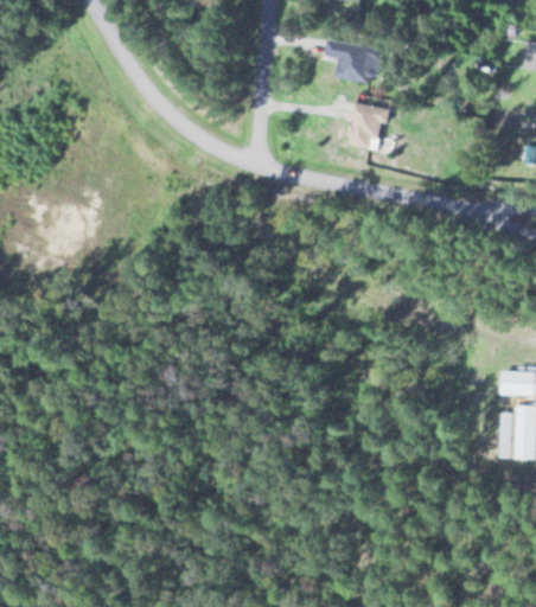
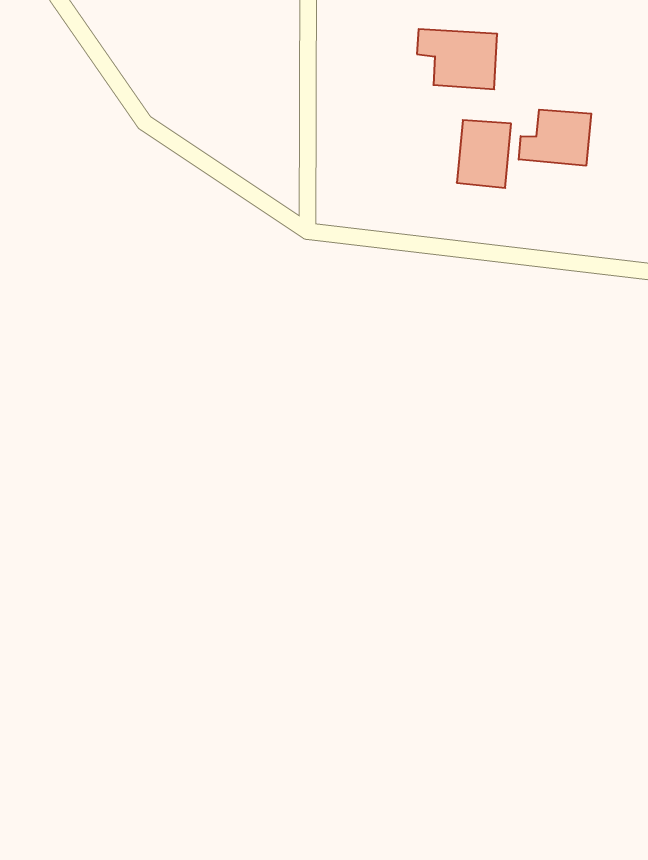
building: none -> [519,110,591,166]

